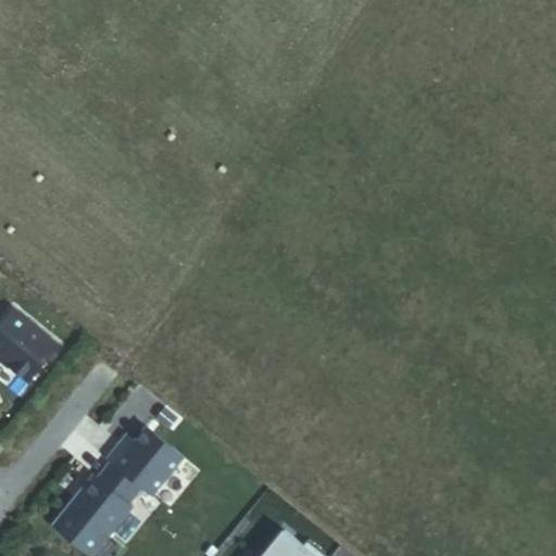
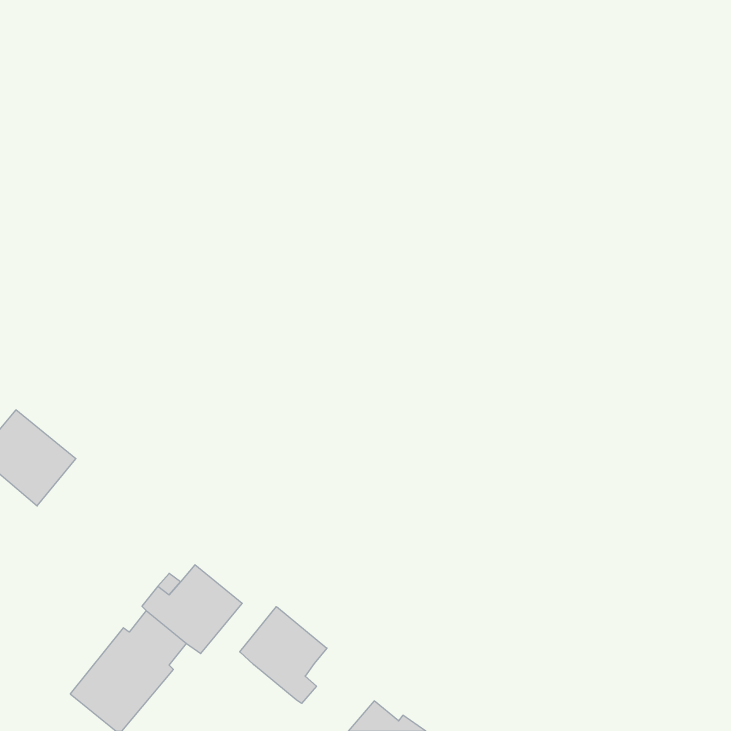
building: none -> [240,607,327,703]

